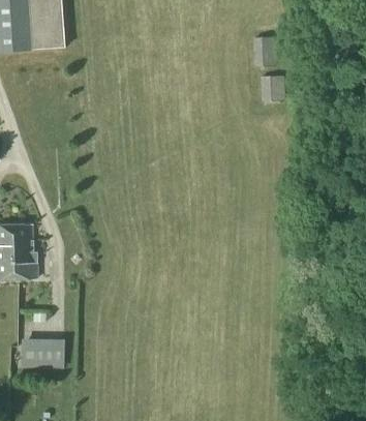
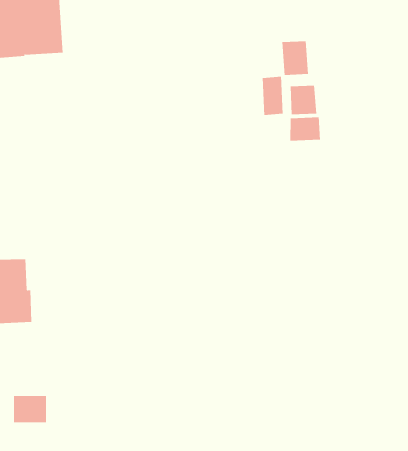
building: none -> [262,76,283,116]
building: none -> [290,117,320,141]

